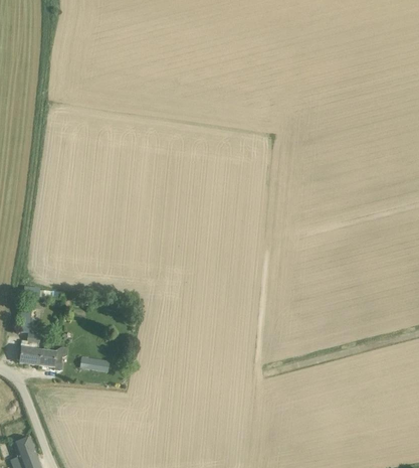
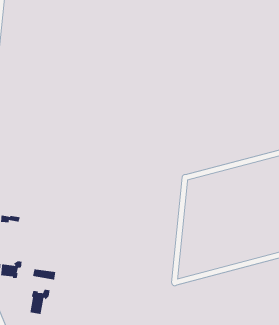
building: none -> [29,289,51,315]

